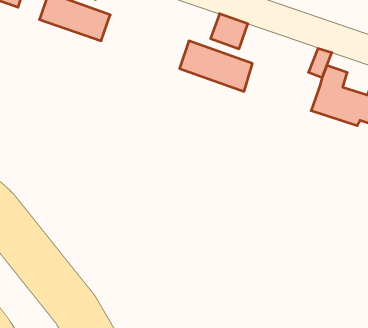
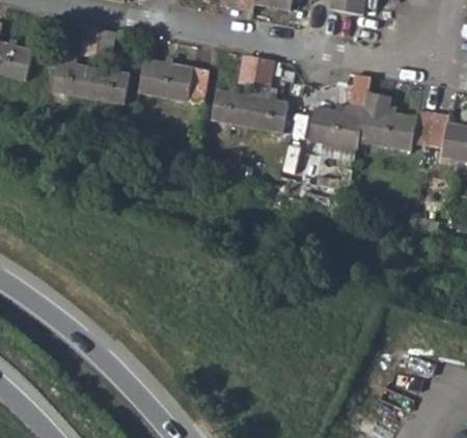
building: none -> [138,59,209,104]
building: none -> [308,106,363,149]

